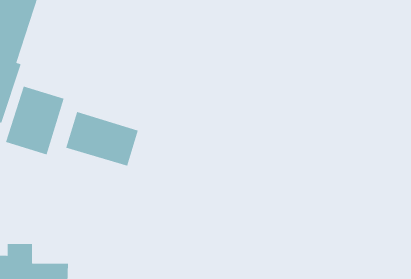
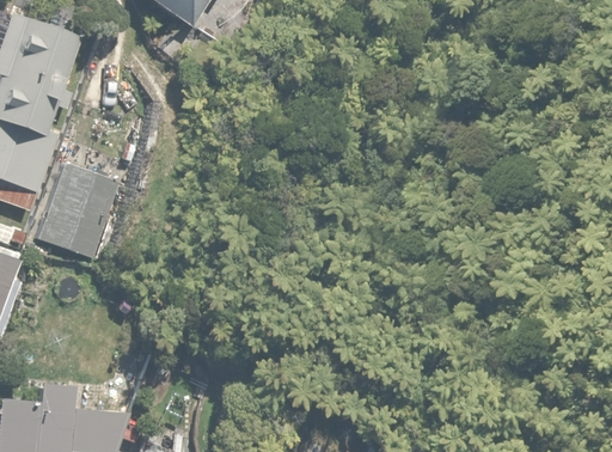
building: [65,111,138,167] -> none

